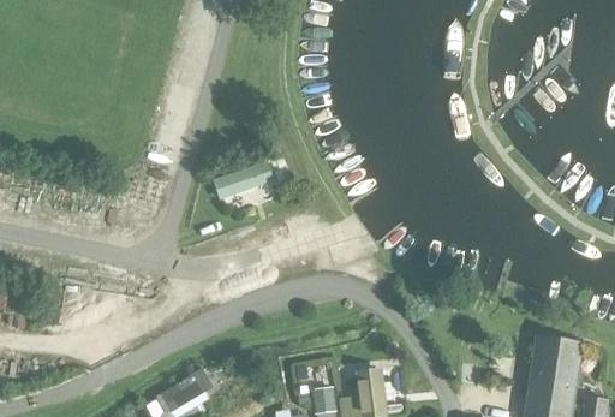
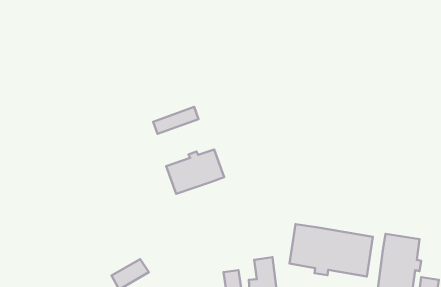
building: none -> [166,150,224,194]
building: none -> [289,224,373,276]

